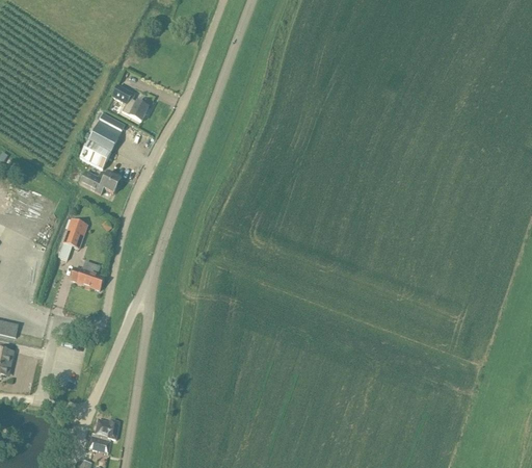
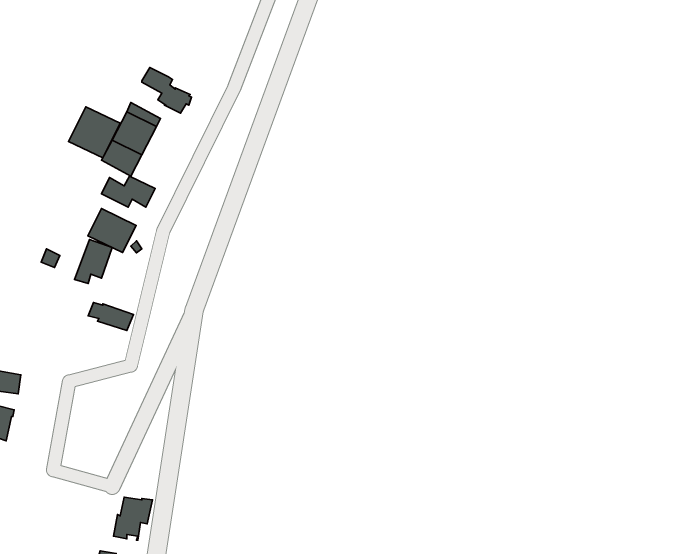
building: none -> [68,107,120,158]
building: none -> [88,209,136,252]

